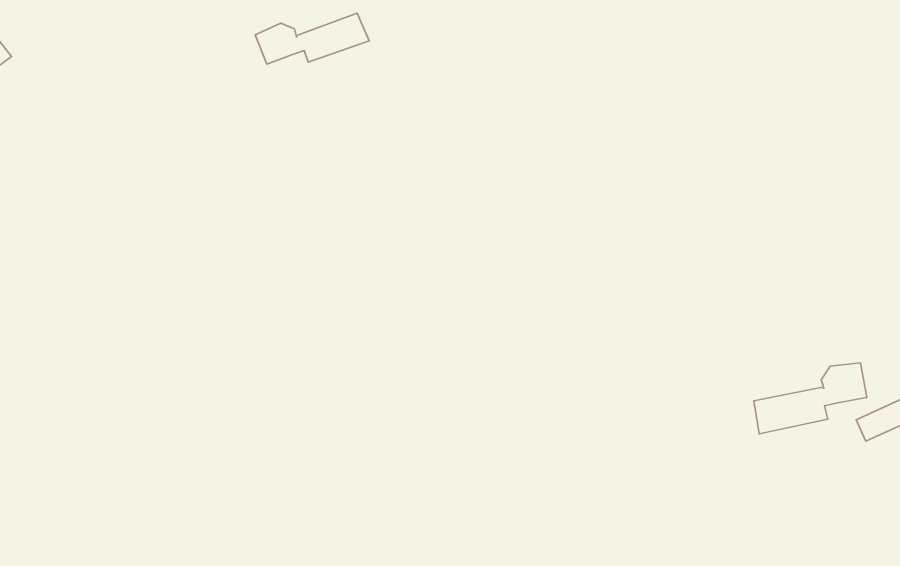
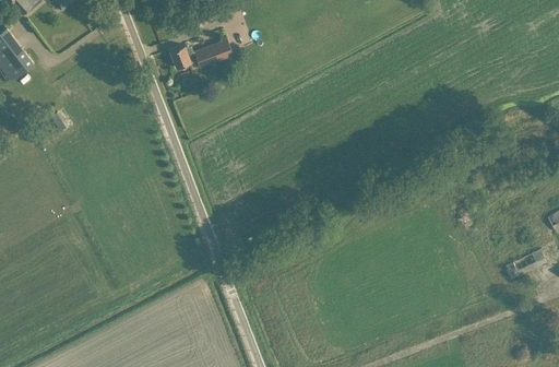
building: [754,363,867,434] -> none

